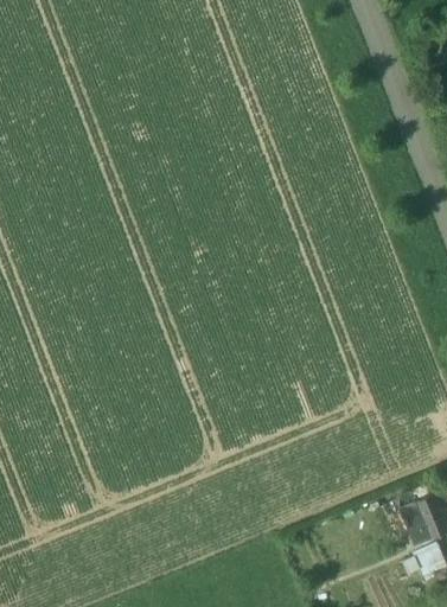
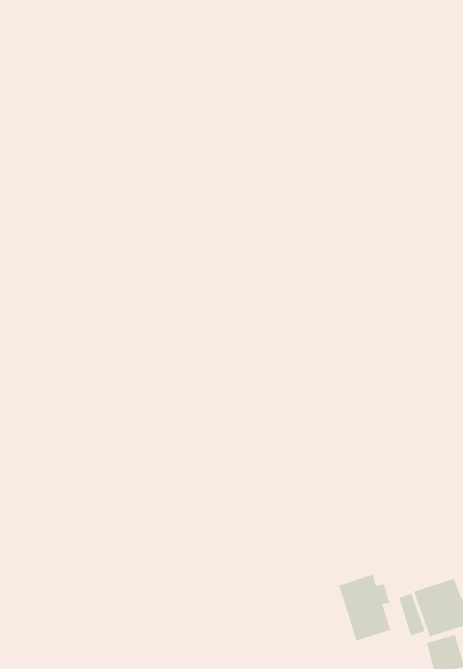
building: none -> [339,574,391,641]

